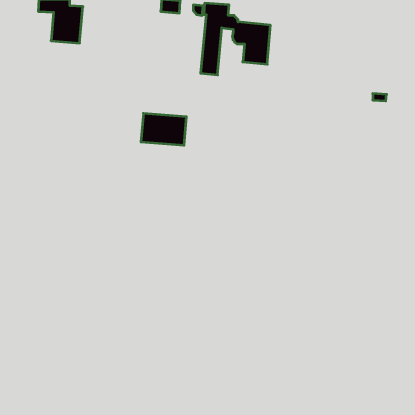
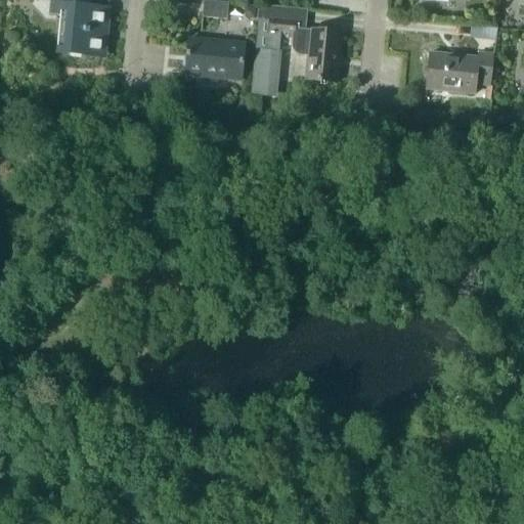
building: none -> [425,52,493,93]
building: [141,113,186,145] -> [186,38,244,78]

